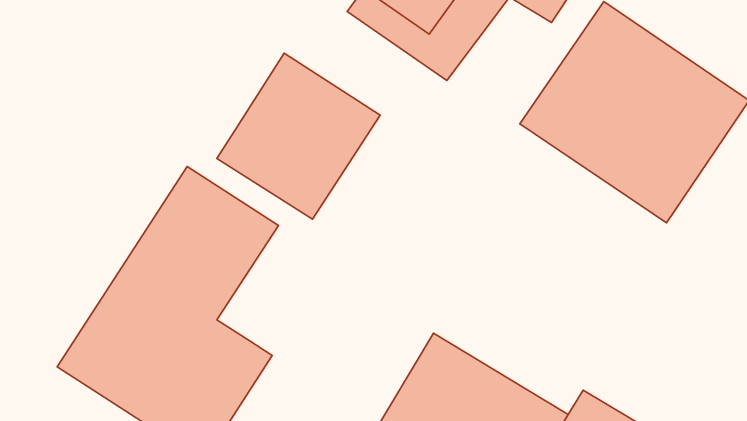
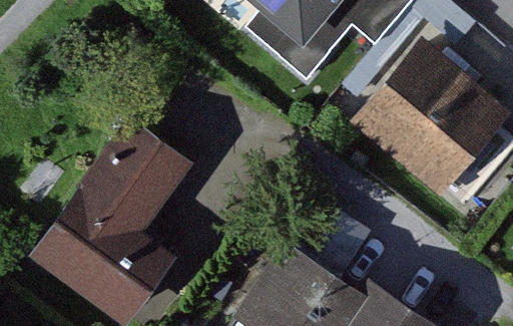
building: [217,53,380,219] -> none

